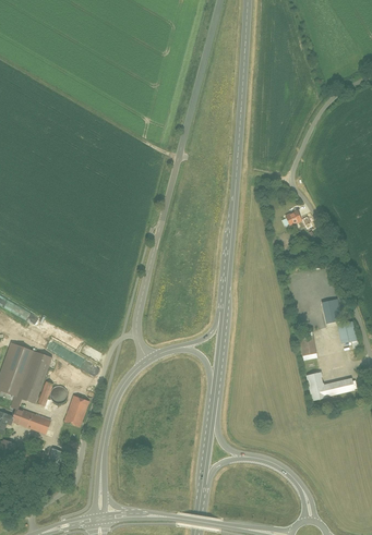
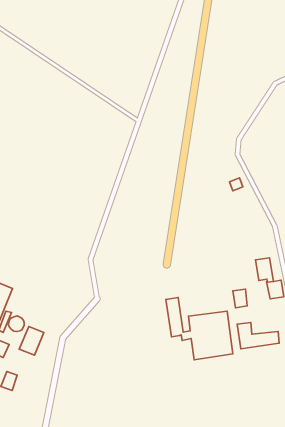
building: none -> [166,297,233,360]

